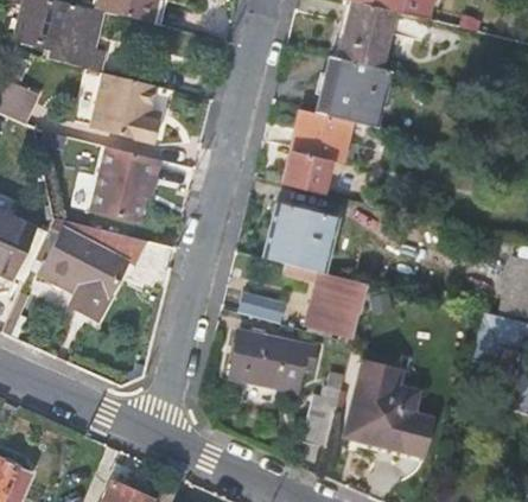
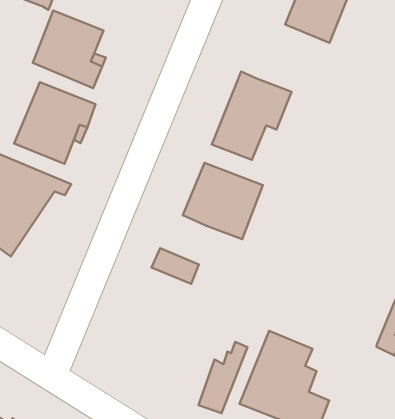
building: [316,53,390,127] -> none
building: [284,263,368,342] -> none
building: [230,329,317,390] -> none

